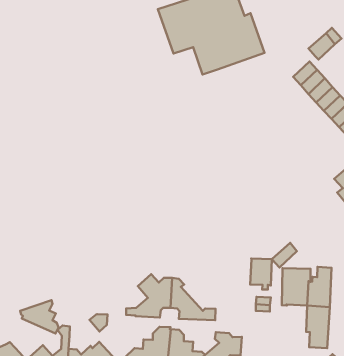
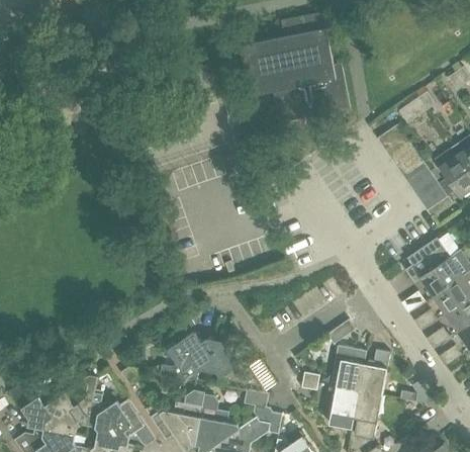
building: [250,258,272,290] -> [331,385,358,422]
building: [20,300,59,334] -> none

